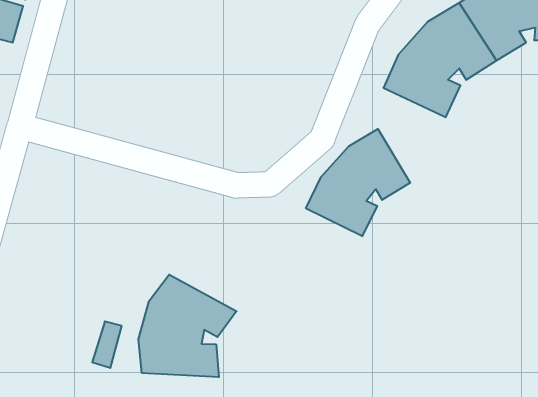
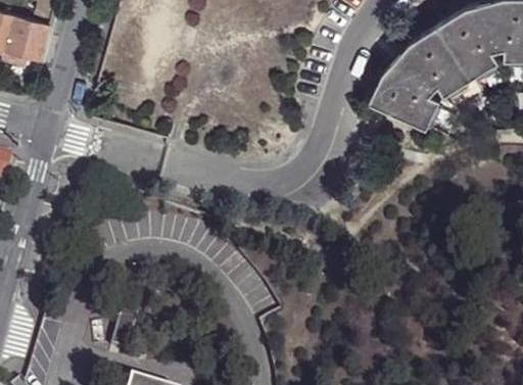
building: [306,129,410,236] -> none
building: [139,275,237,377] -> none

